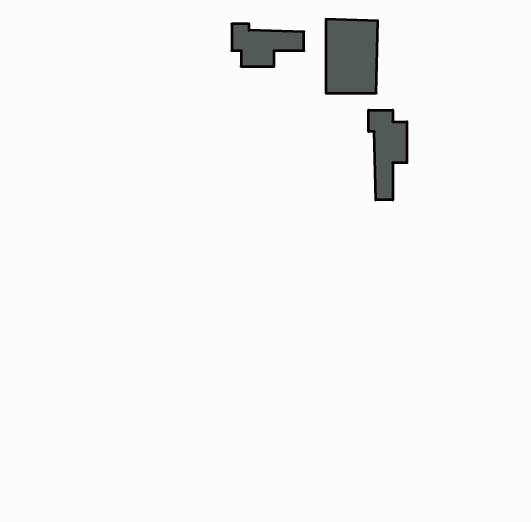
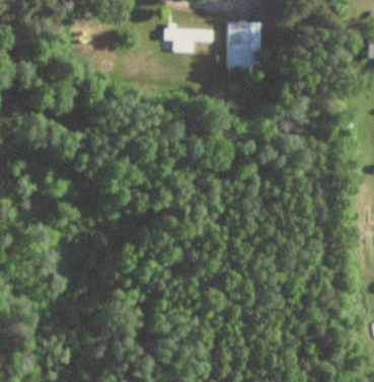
building: [369,110,407,200] -> none

